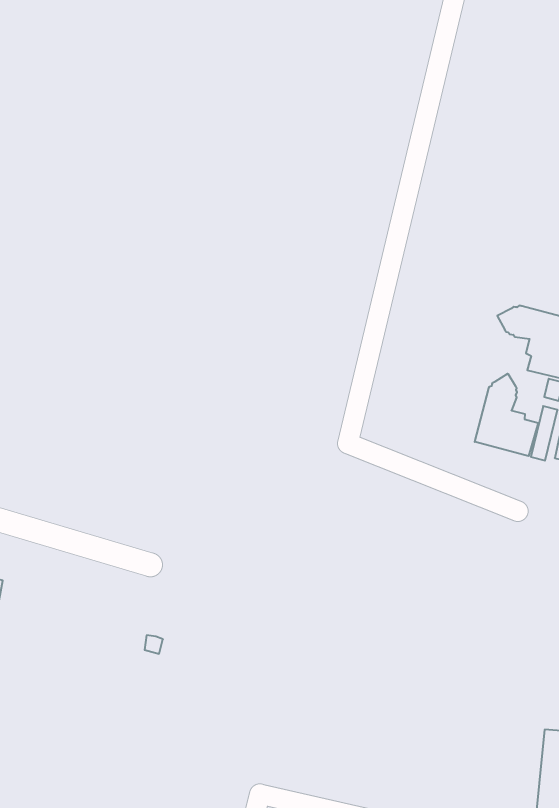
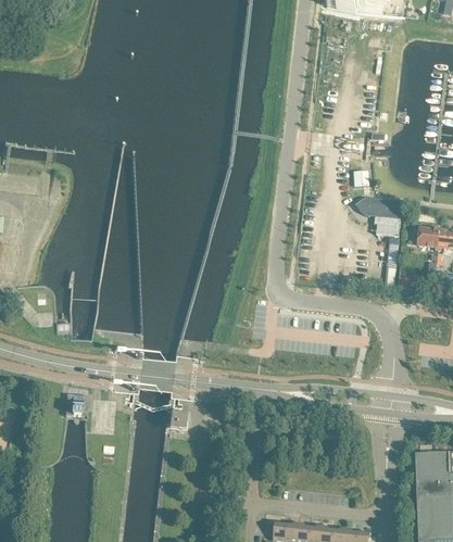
building: [475,374,538,456] -> none

